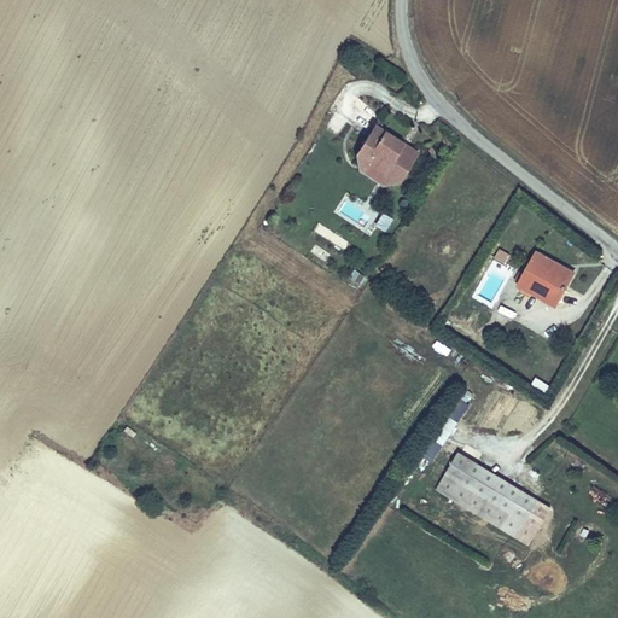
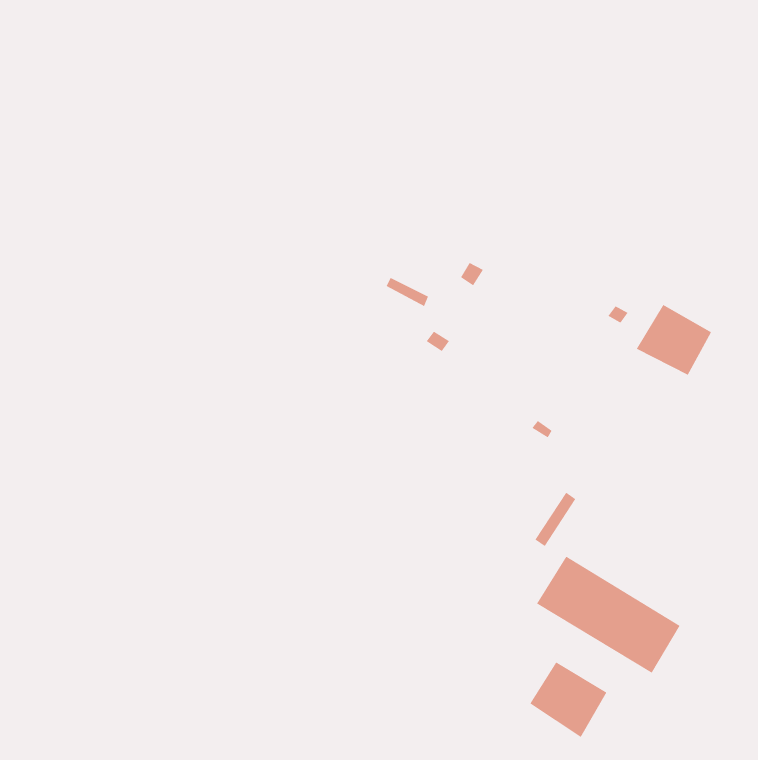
building: [355,123,419,185] -> none
building: none -> [530,661,607,738]

